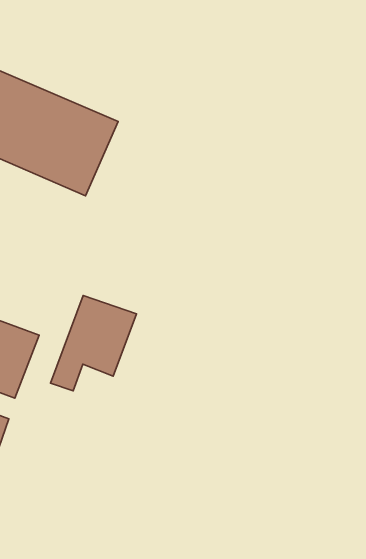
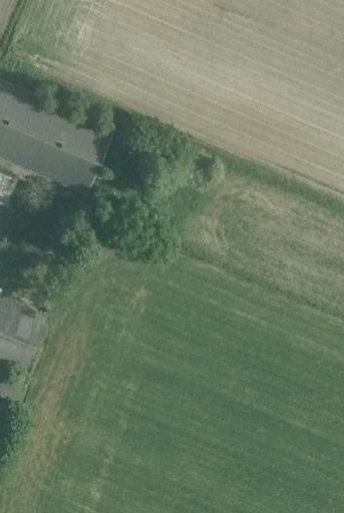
building: [51,295,136,391] -> none

